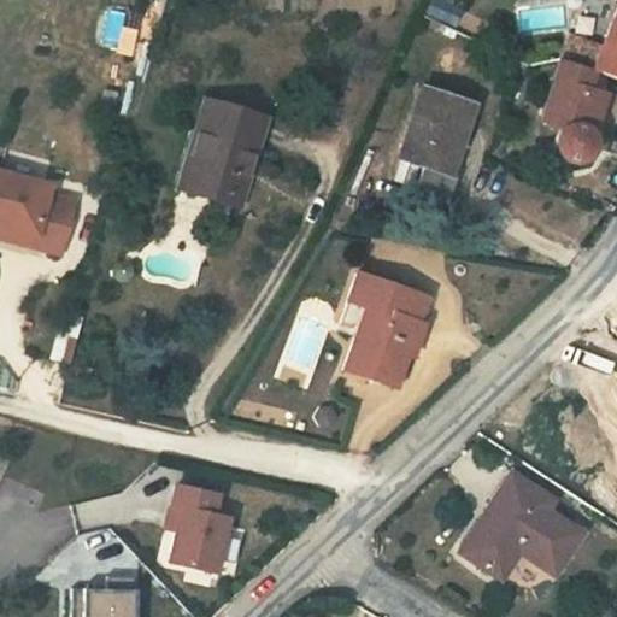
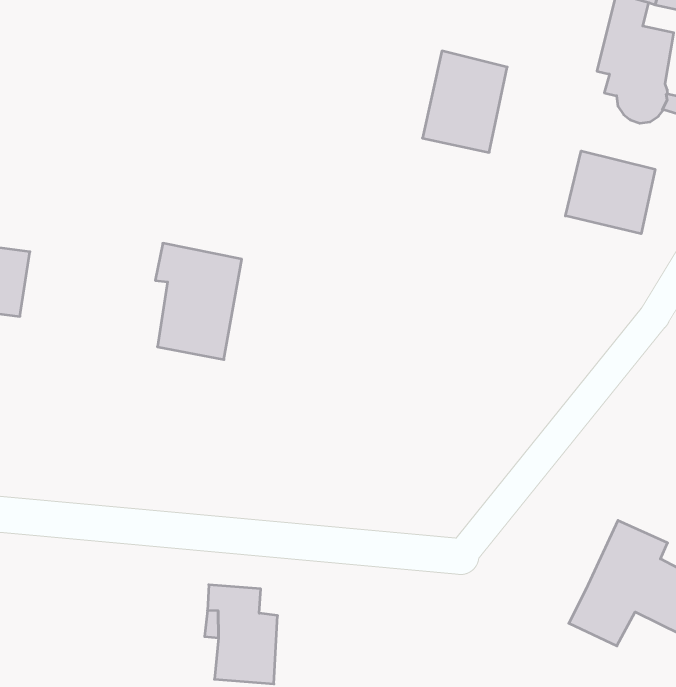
building: [187,106,263,205] -> [155,243,242,360]
building: none -> [565,151,655,234]
building: [345,270,434,384] -> none

